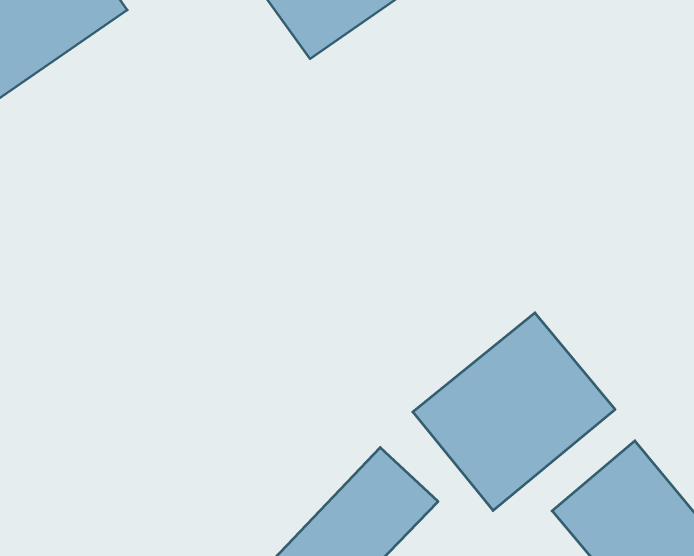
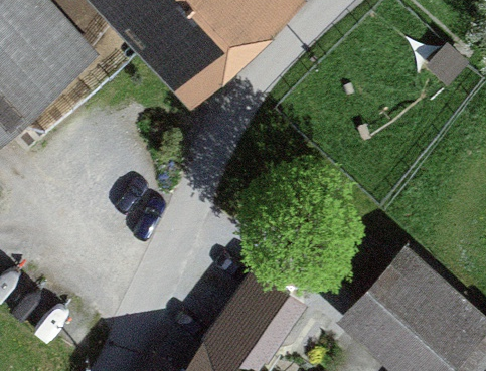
building: [413,313,615,511] -> none

